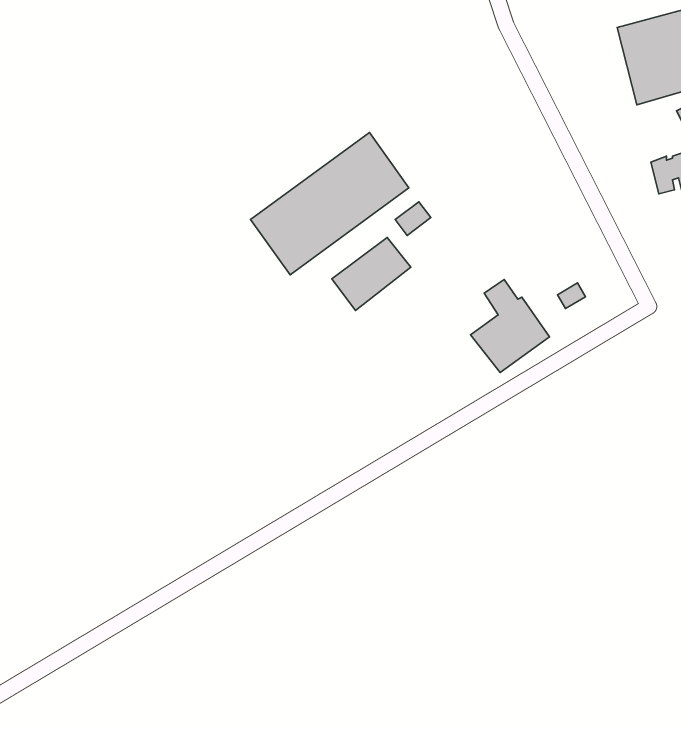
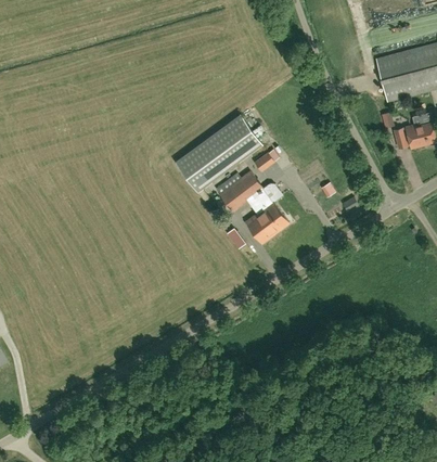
building: [470,279,550,372] -> [245,192,288,243]

